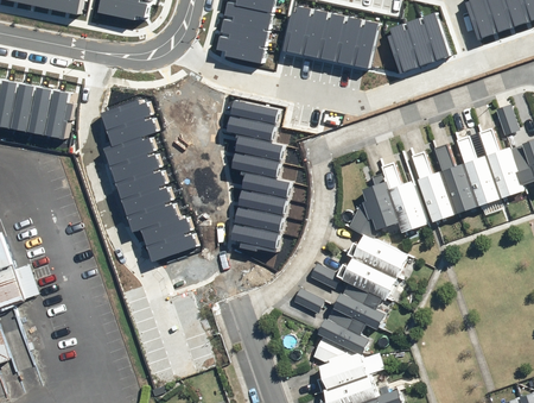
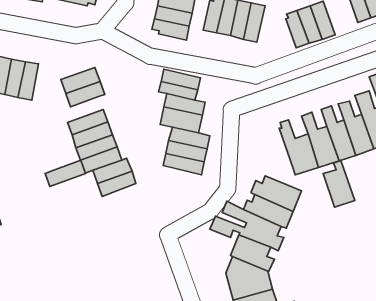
building: [350,19,377,69] -> none
building: [104,134,155,168] -> [45,160,85,186]
building: [356,175,396,234] -> [323,160,355,207]
building: [228,222,280,254] -> none

